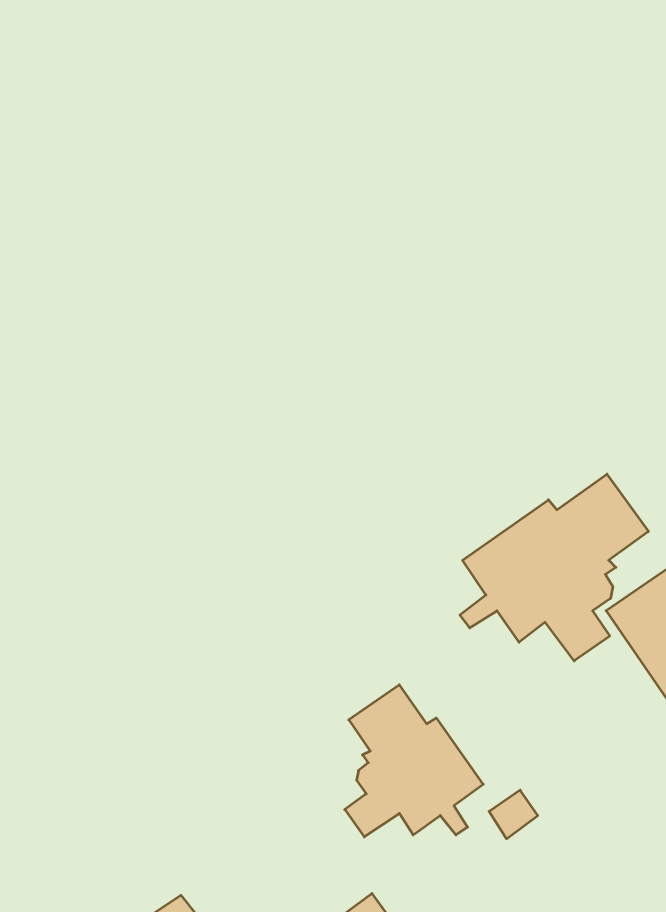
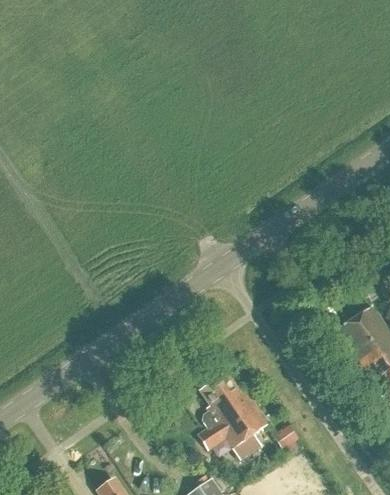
building: [460,474,648,661] -> none

